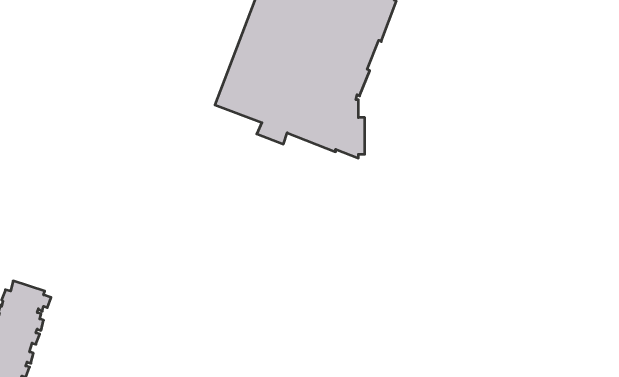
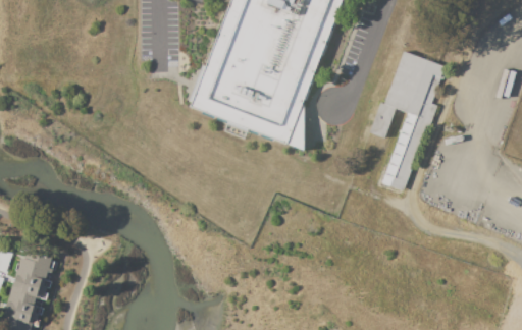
building: none -> [369,49,448,189]

